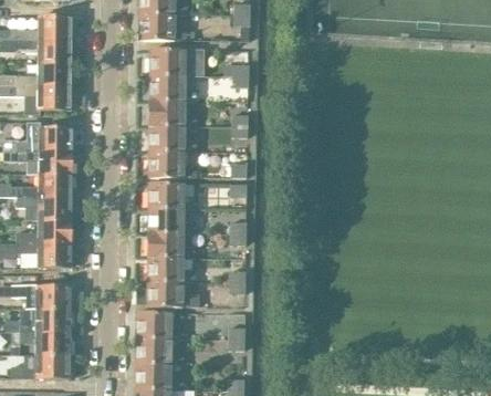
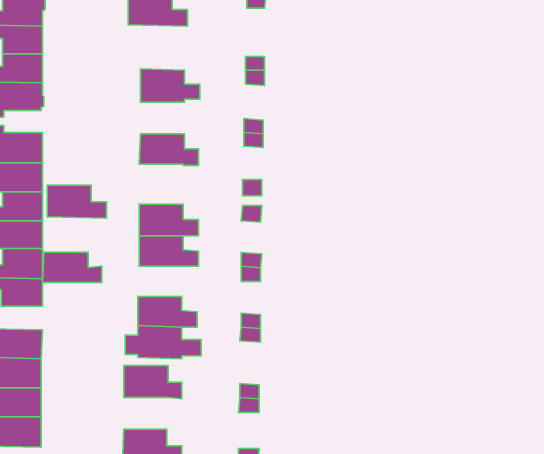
building: [149,51,202,77] -> none
building: [149,103,197,129] -> none
building: [148,153,196,179] -> [47,185,106,218]
building: [147,235,195,259] -> [42,252,102,283]
building: [136,340,182,366] -> none

